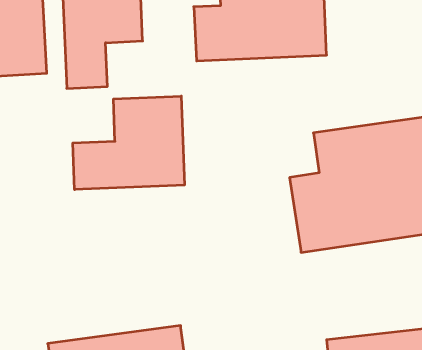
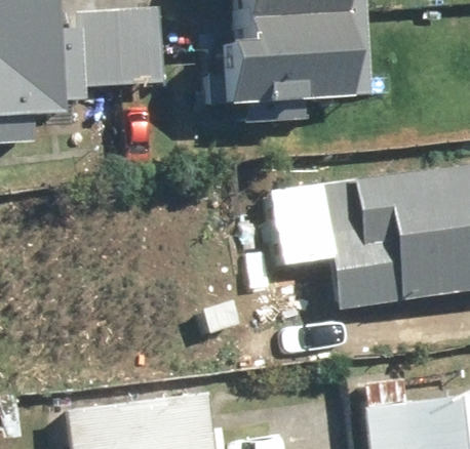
building: [73,96,184,190] -> none

